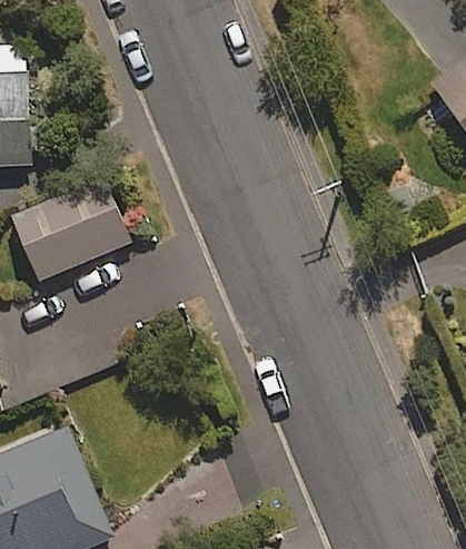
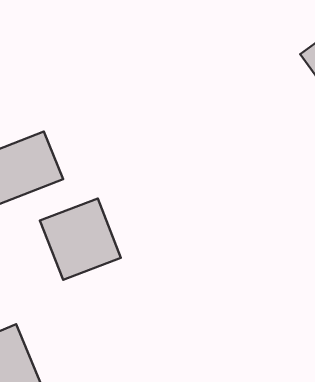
building: none -> [40,198,121,280]

